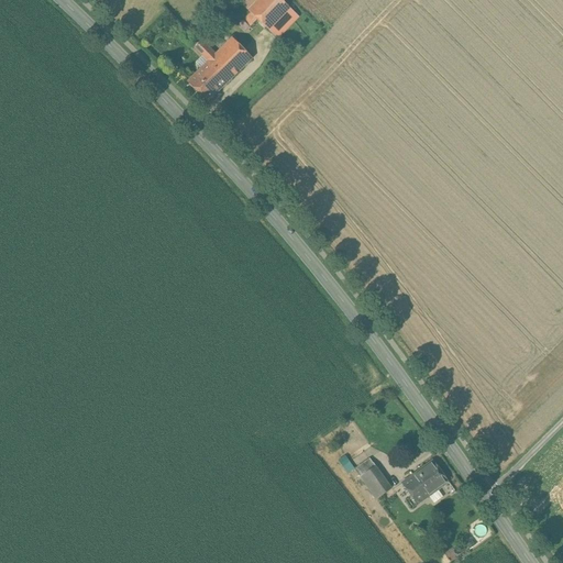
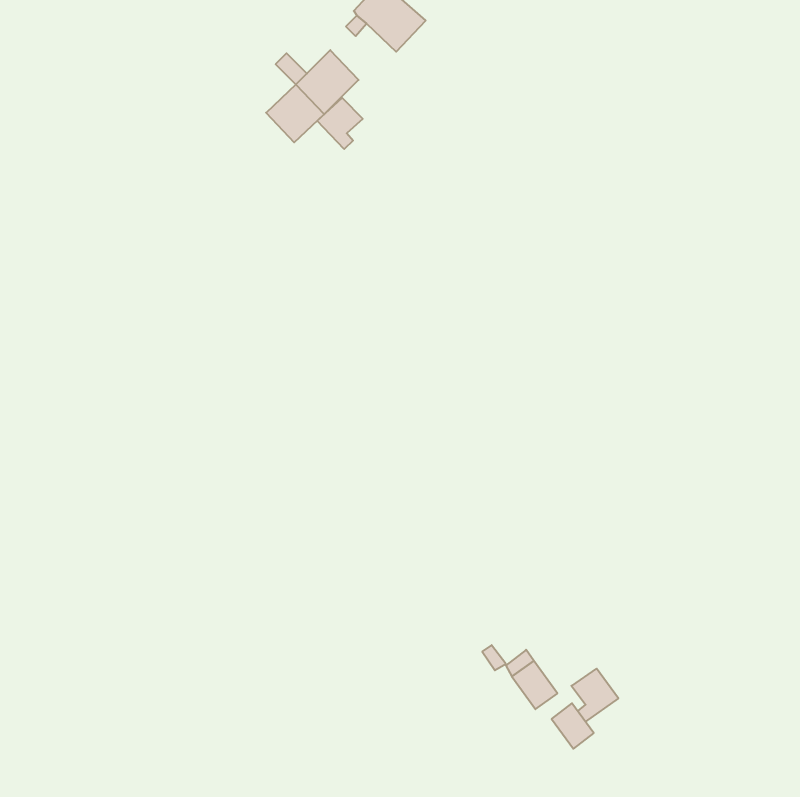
building: none -> [317,98,363,149]
building: [419,459,449,490] -> [552,703,594,749]

